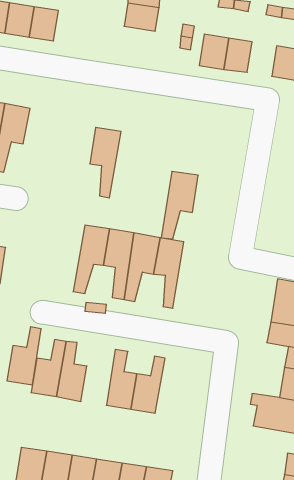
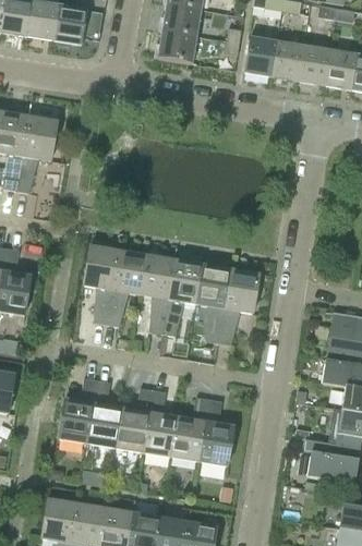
building: none -> [156,29,196,63]
building: none -> [299,47,331,85]
building: [90,127,121,198] -> [83,246,118,325]
building: [161,171,198,239] -> [216,269,257,344]
building: [7,327,41,385] -> [113,387,152,451]
building: none -> [196,399,232,464]

